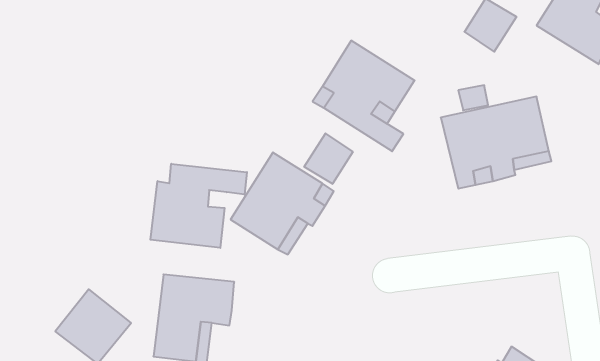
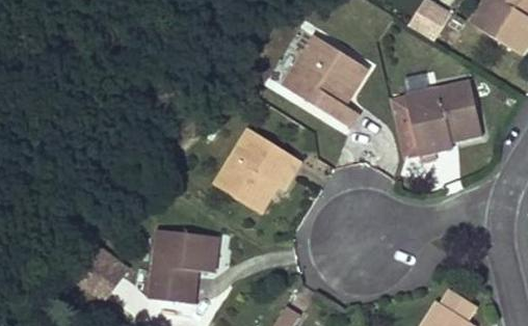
building: [304,133,353,184] -> none
building: [150,164,247,248] -> none

